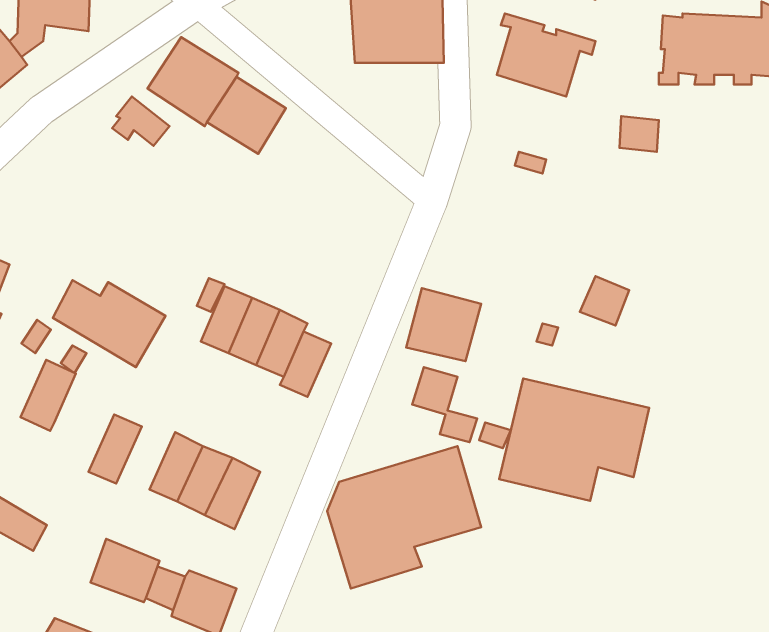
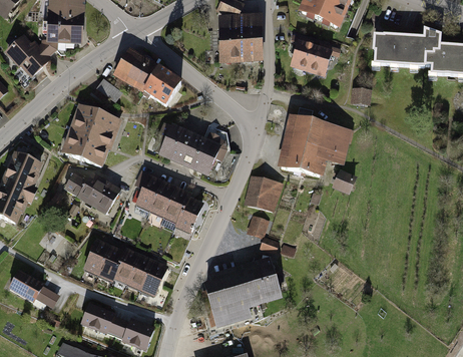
building: none -> [61,104,119,164]
building: none -> [158,122,227,175]
building: [21,360,76,431] -> [96,245,124,281]
building: [499,378,649,501] -> [277,114,353,176]

